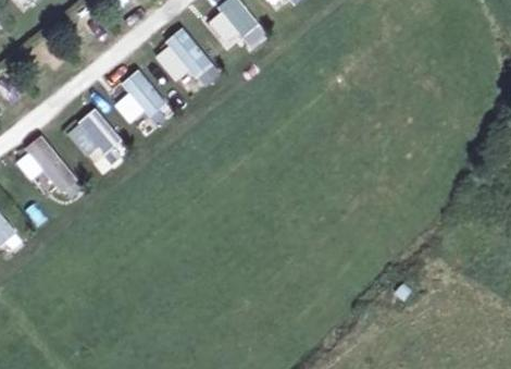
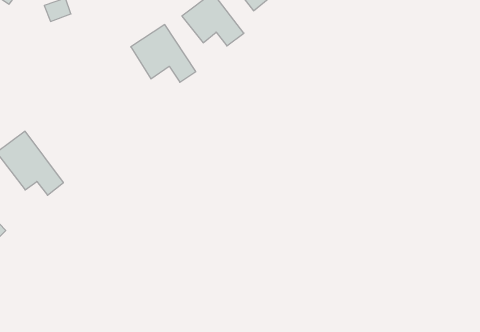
building: [110,71,174,124] -> none
building: [65,107,129,172] -> none

